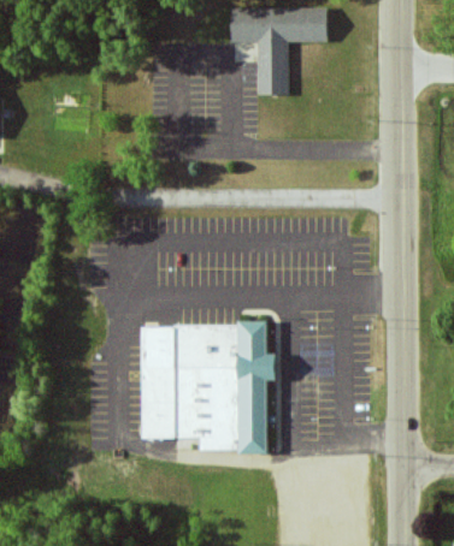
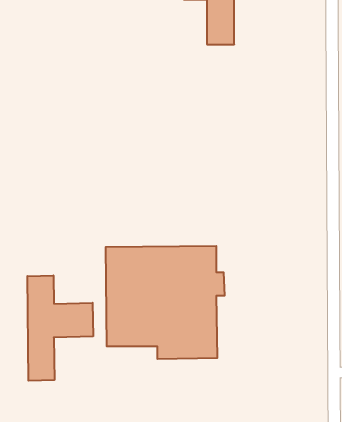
building: none -> [27,275,93,381]

